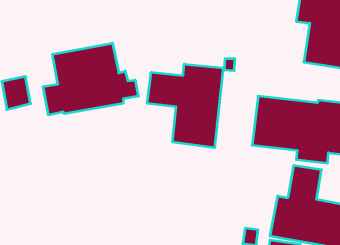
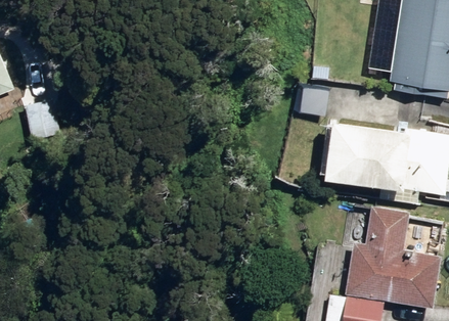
building: [43,43,138,115] -> none
building: [147,64,223,148] -> none

